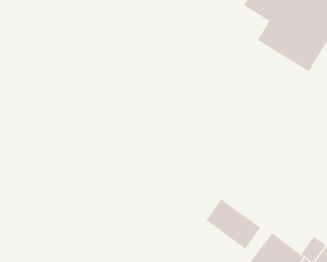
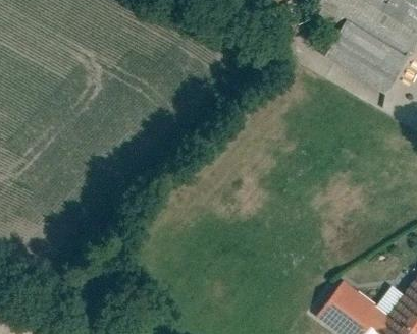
building: [206,198,261,249] -> none

